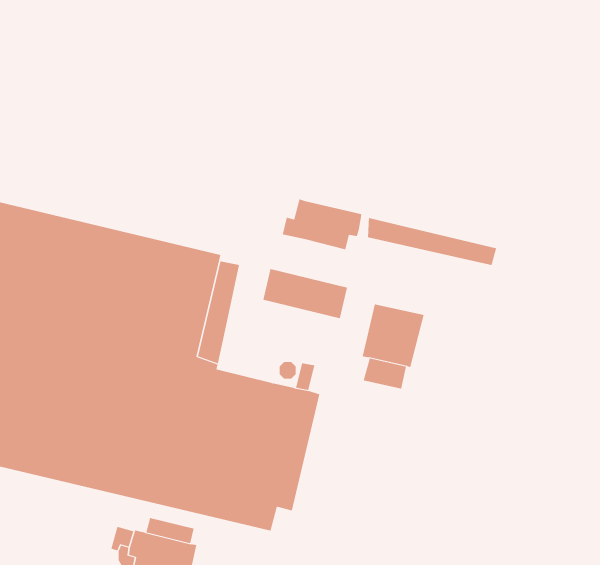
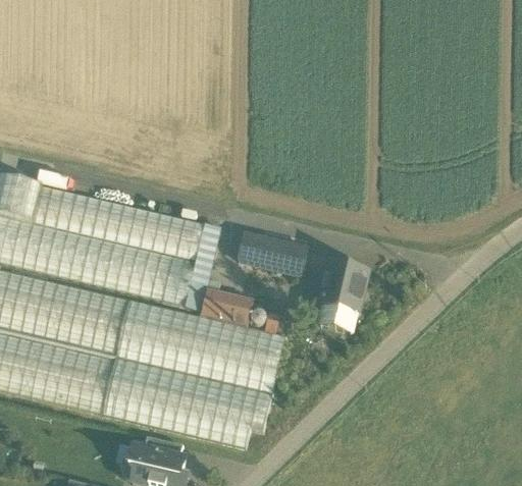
building: [282,199,362,250] -> none
building: [367,217,497,266] -> none
building: none -> [201,287,252,326]

